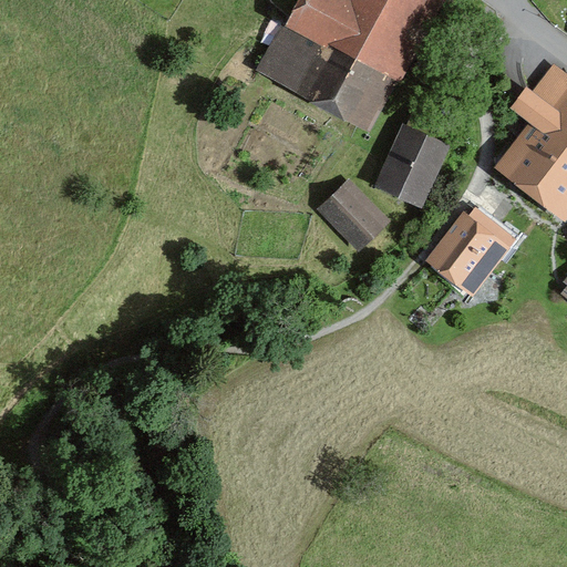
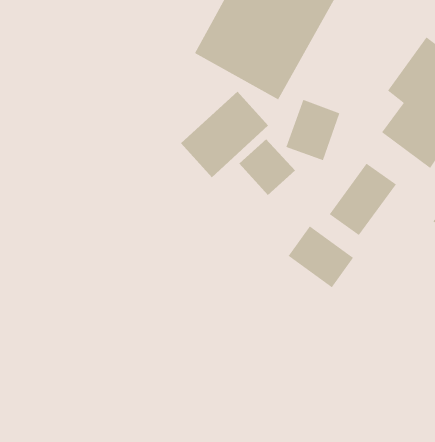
building: none -> [180,91,269,178]
building: none -> [288,225,354,288]

